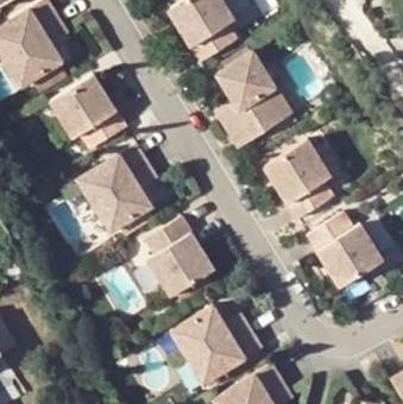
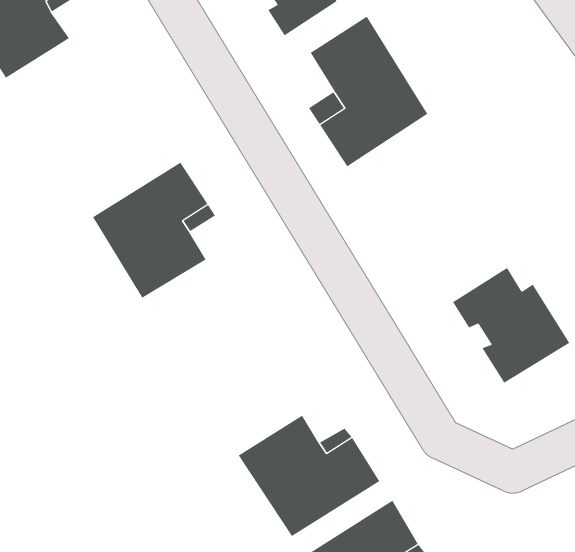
building: [50,76,125,151] -> none
building: [267,138,334,217] -> none
building: [146,217,214,297] -> none

